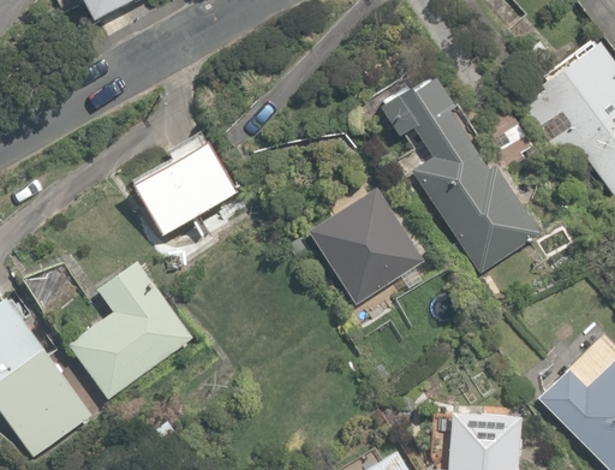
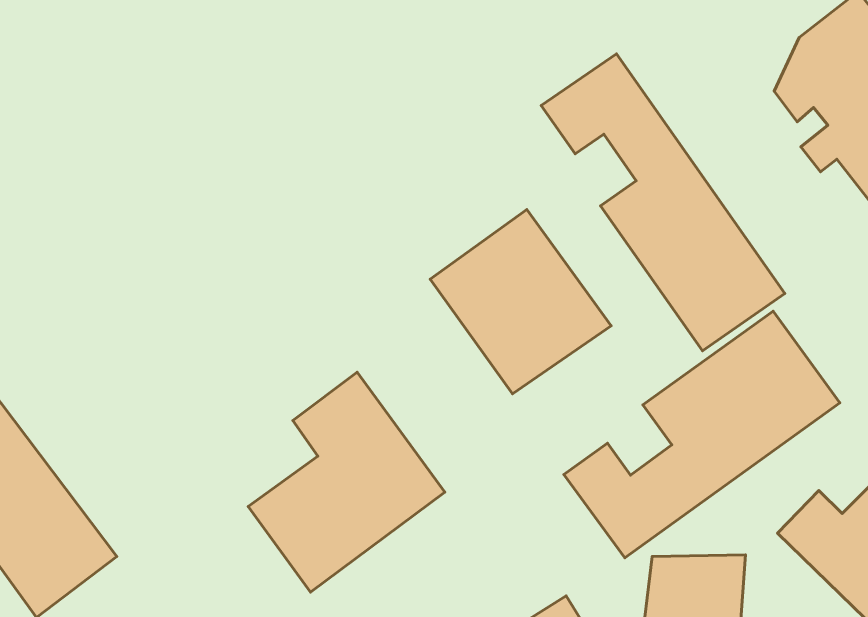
building: [124,141,227,236] -> none
building: none -> [564,311,840,558]
building: [65,255,197,403] -> [248,372,445,592]

